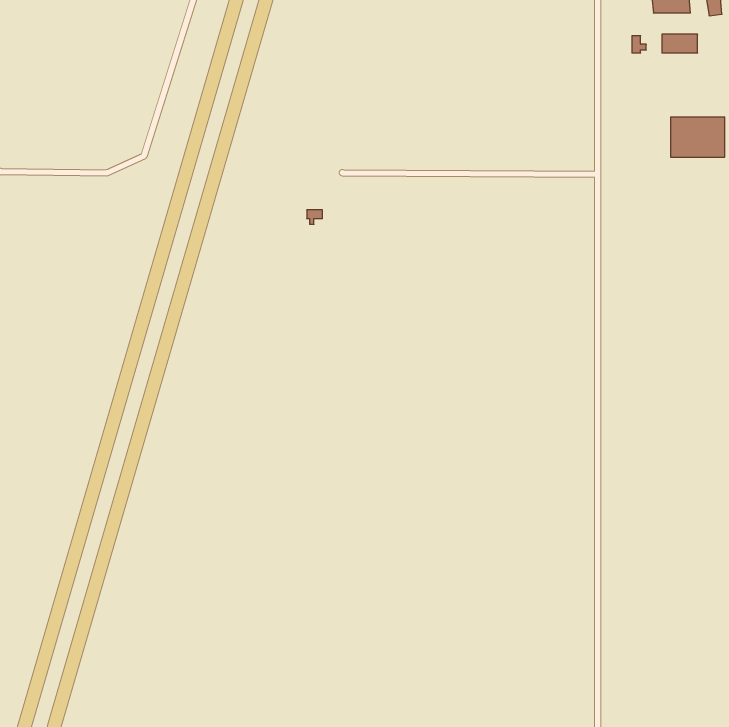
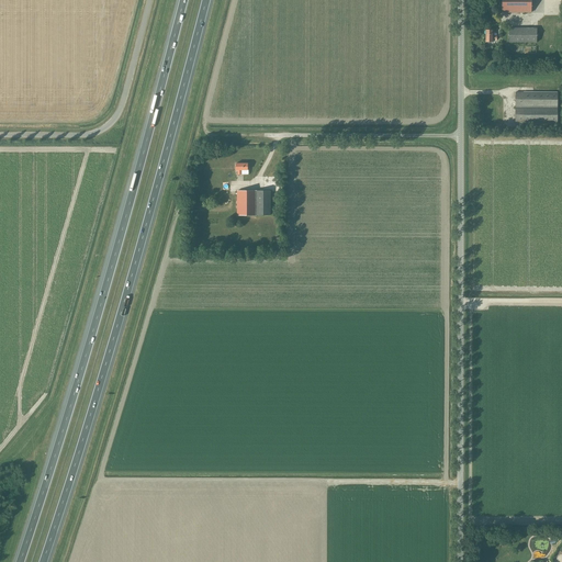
building: none -> [237,189,270,213]

